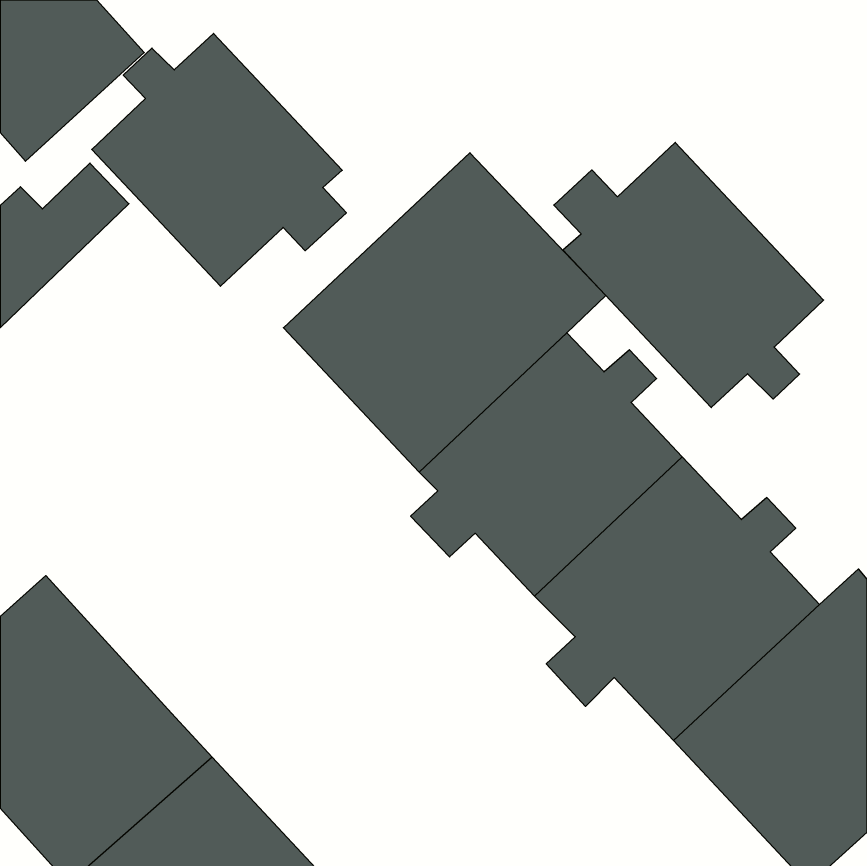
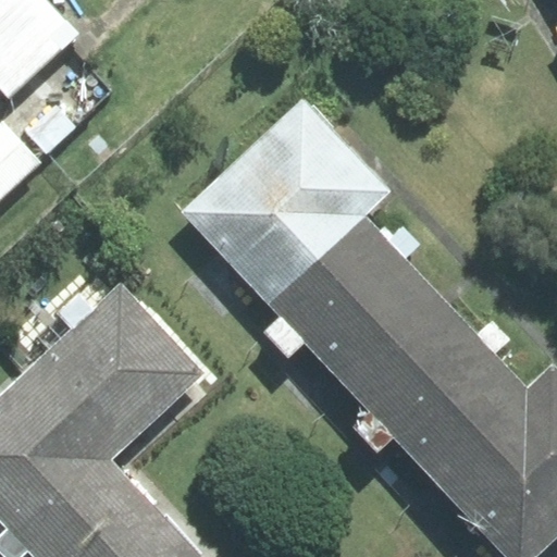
building: [92,33,346,286] -> none
building: [554,142,824,408] -> none
building: none -> [29,286,202,458]

